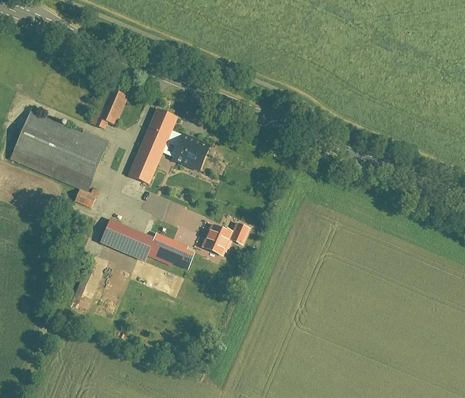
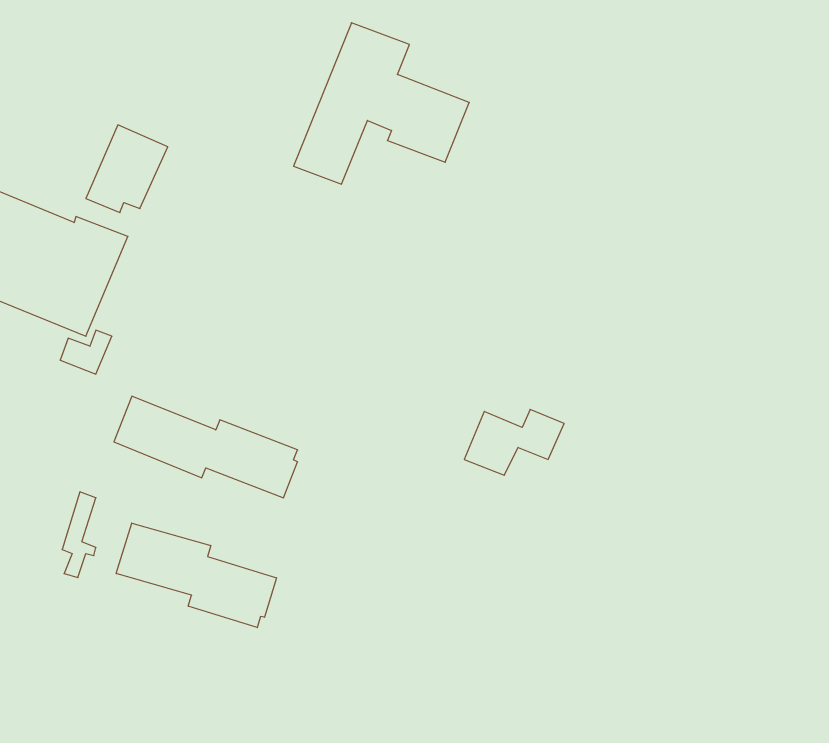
building: [124,103,212,184] -> [294,23,469,184]
building: [202,222,252,255] -> [464,409,564,475]
building: none -> [116,523,276,628]

